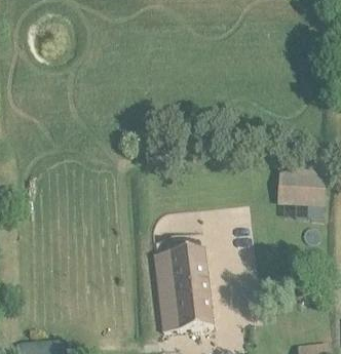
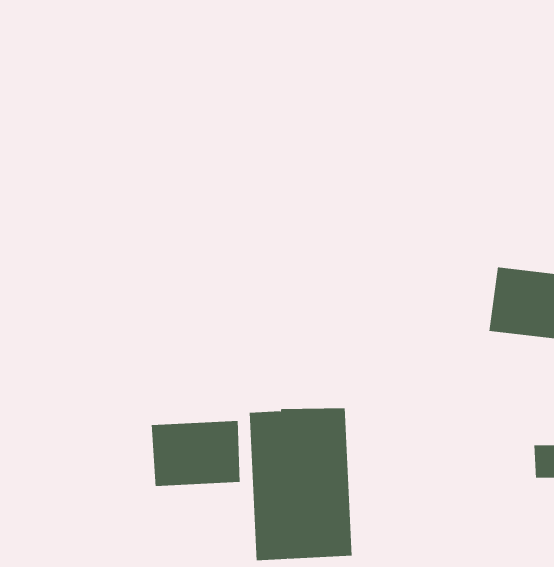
building: none -> [151,420,240,487]

